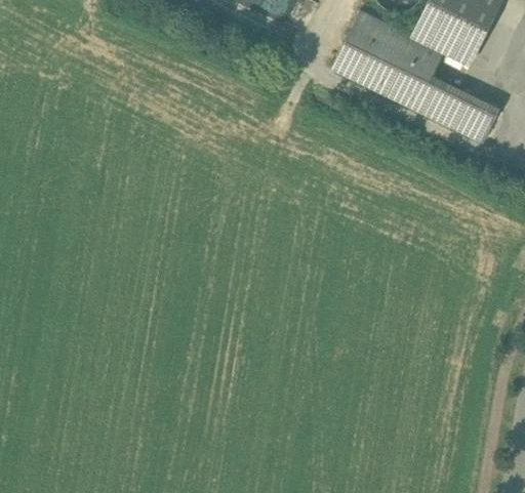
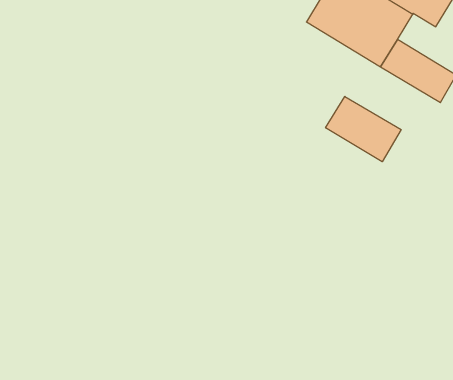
building: none -> [326,96,401,162]

